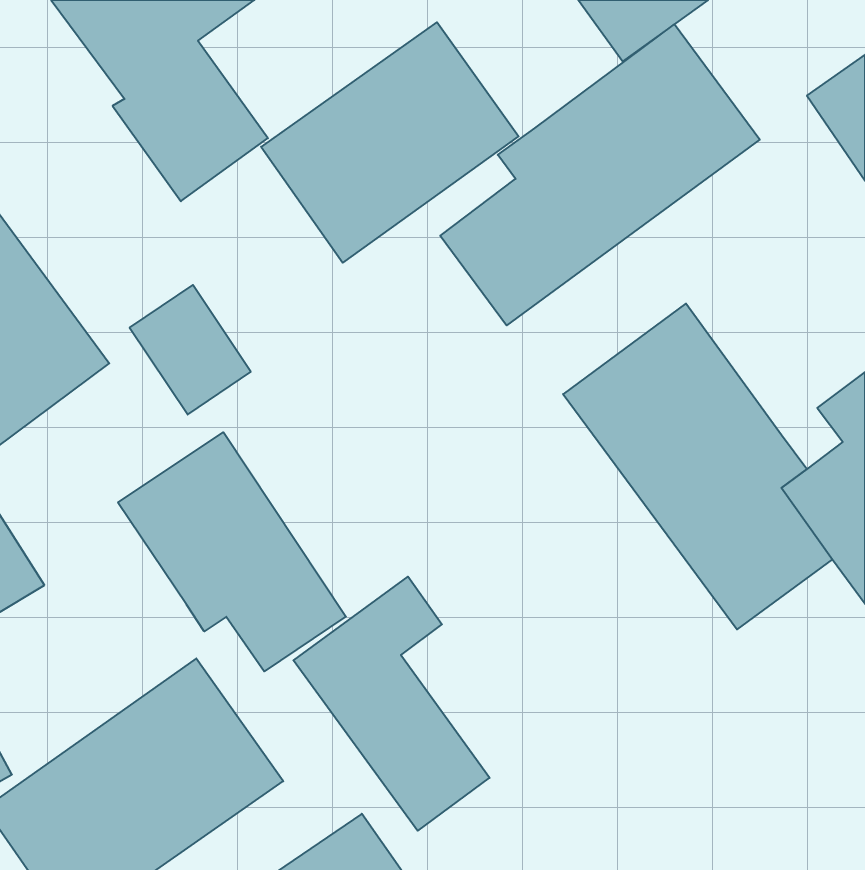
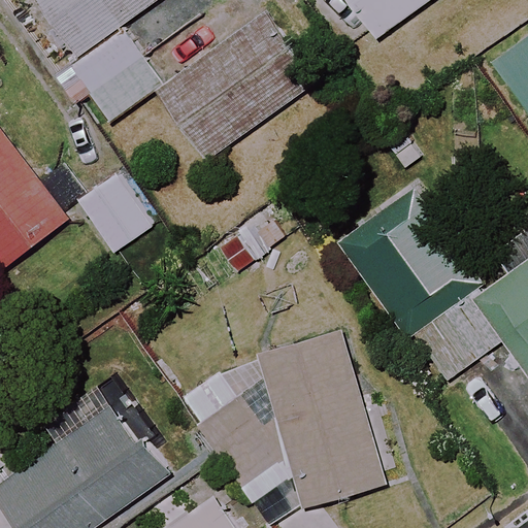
building: [440,24,760,325] -> none
building: [118,432,346,671] -> none
building: none -> [262,330,385,506]

